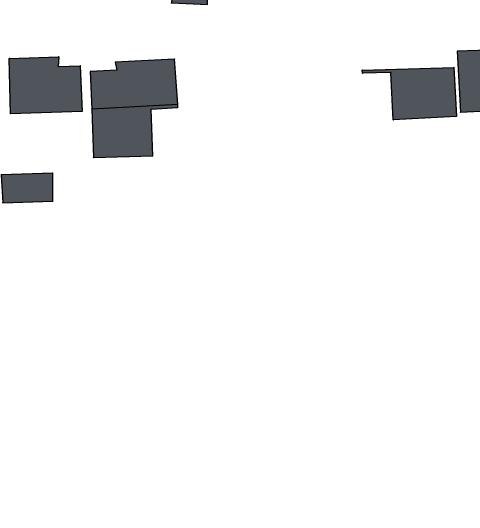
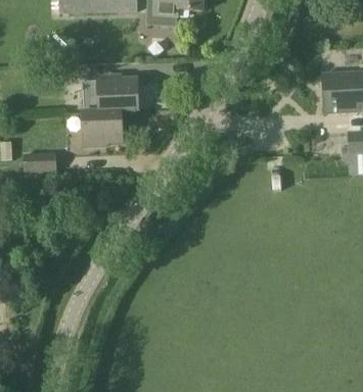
building: [9,57,82,114] -> none
building: [362,67,456,120] -> none

